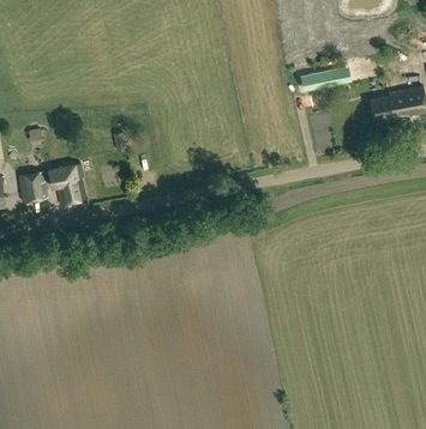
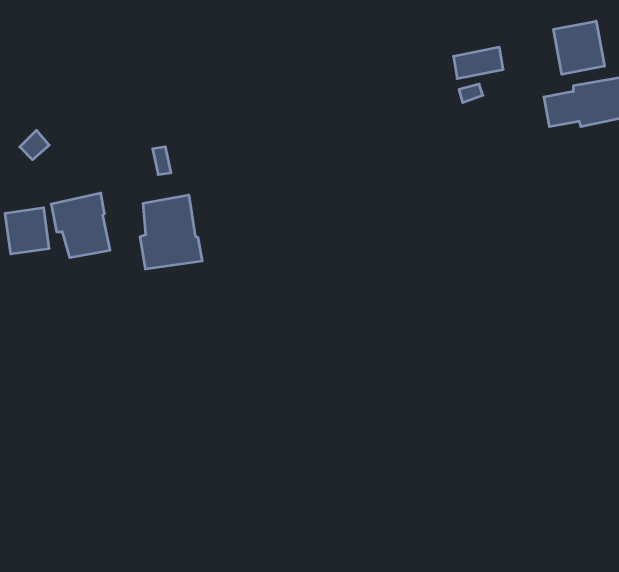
building: none -> [554,21,604,74]
building: none -> [140,195,202,269]

